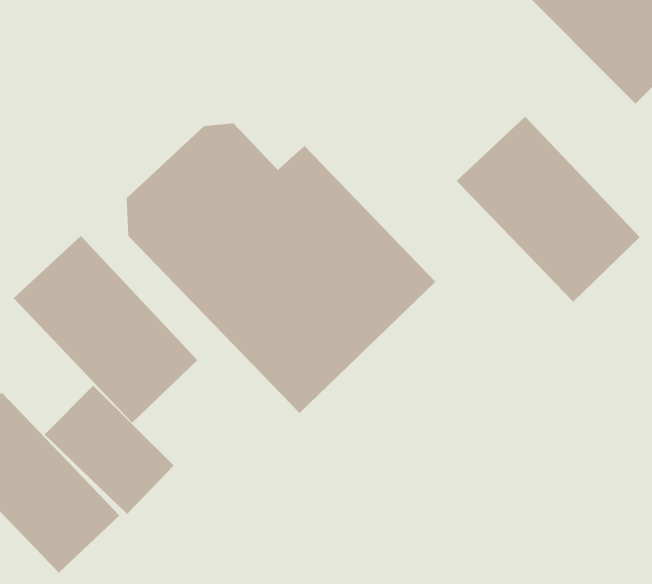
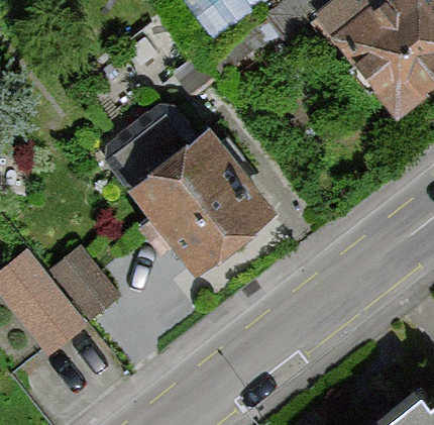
building: [456,116,640,302] -> none
building: [13,235,198,423] -> none

